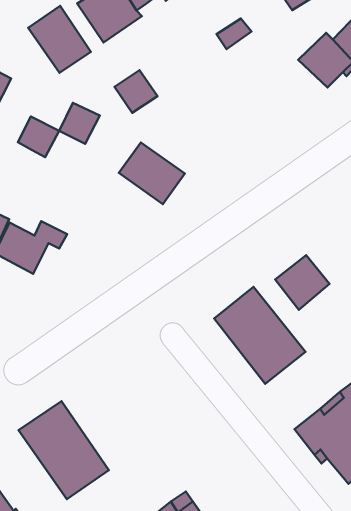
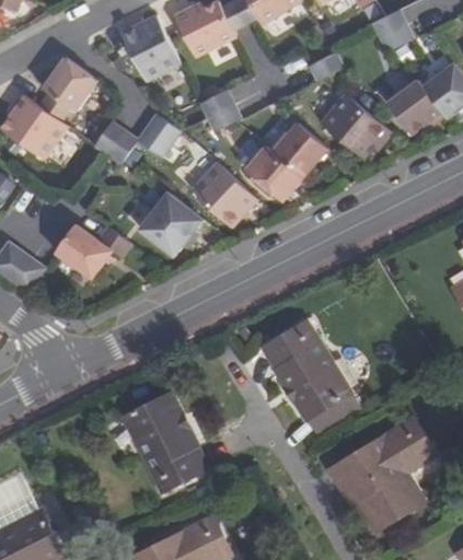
building: none -> [319,93,385,158]
building: none -> [245,122,326,201]
building: none -> [138,191,201,255]
building: [275,255,330,310] -> none
building: [19,401,109,499] -> [123,395,207,493]

